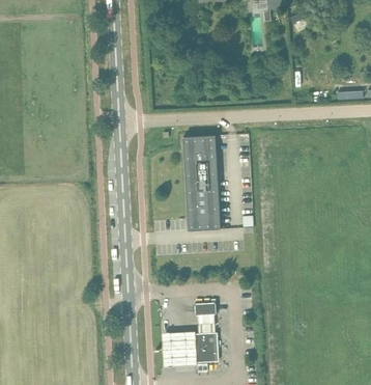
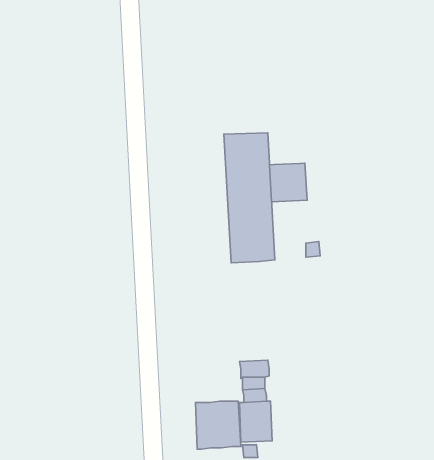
building: none -> [270,163,307,202]

